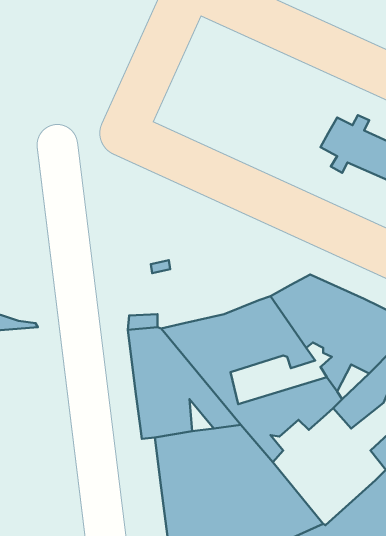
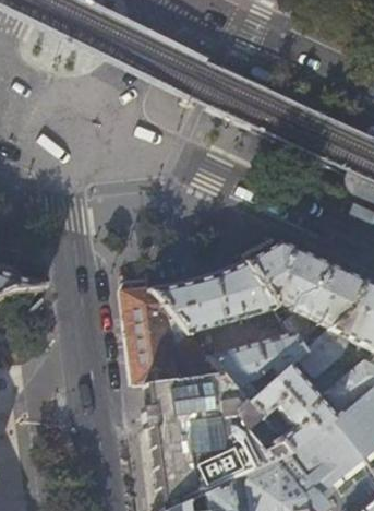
building: none -> [244,365,331,456]

